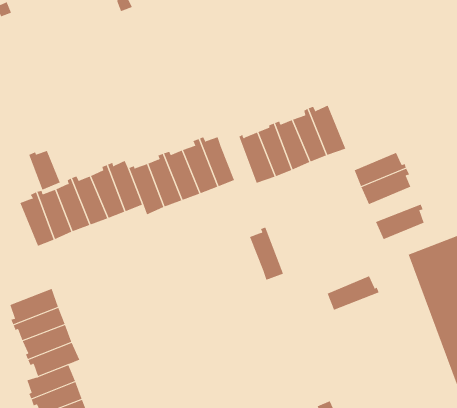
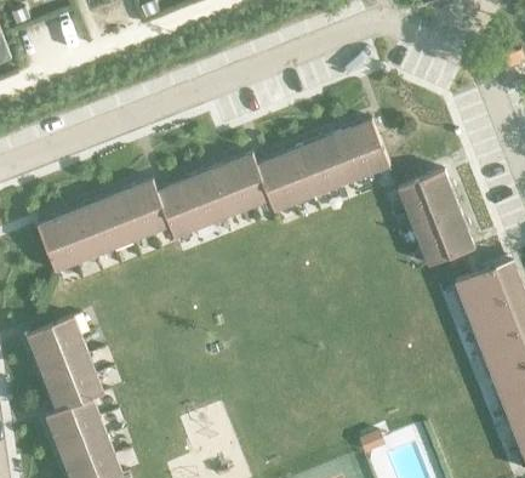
building: [29,150,60,190] -> none
building: [249,227,284,281] -> [255,154,292,212]
building: [327,276,379,310] -> [413,209,470,246]

